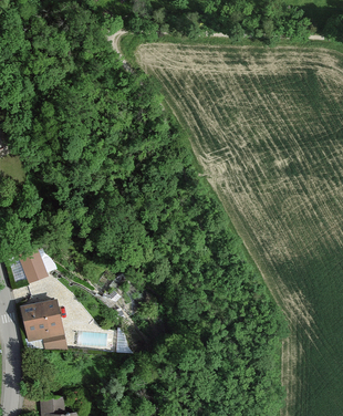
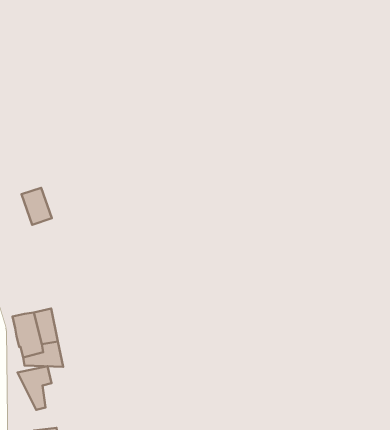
building: [19,249,44,280] -> [21,188,52,225]
building: none -> [18,366,52,410]

